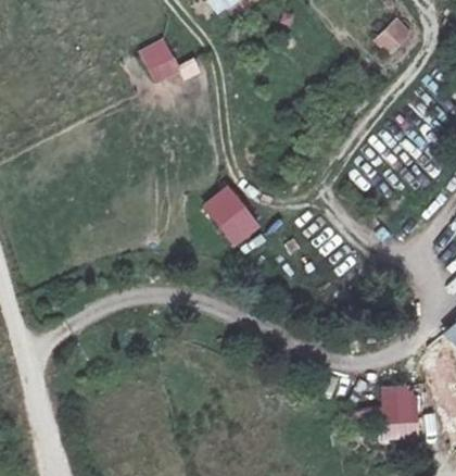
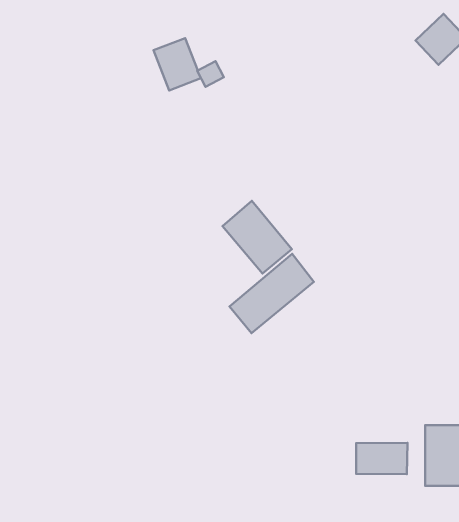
building: none -> [229,254,314,333]
building: none -> [356,443,408,474]

